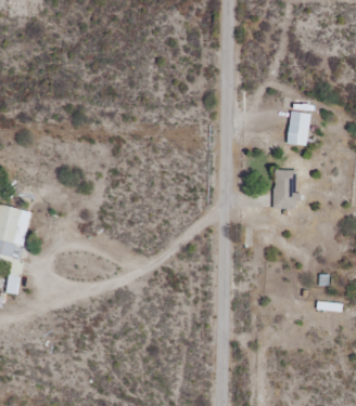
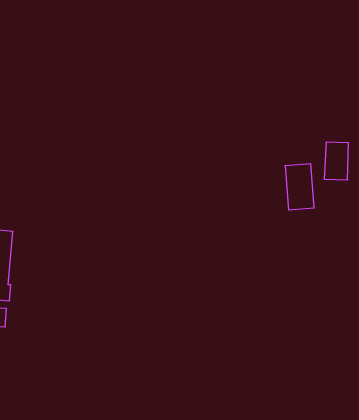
building: [287,109,310,144] -> [324,142,349,180]

